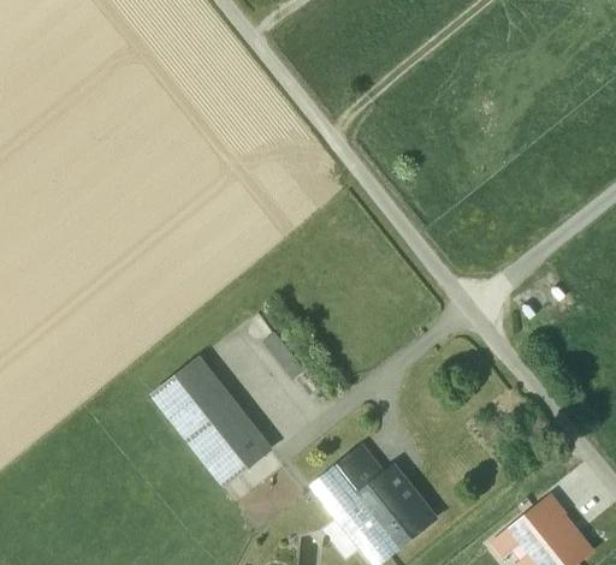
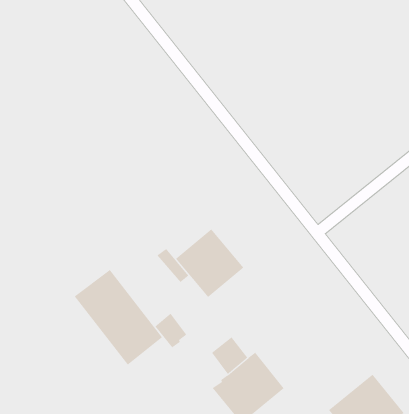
building: none -> [175,228,244,298]
building: [313,468,356,515] -> [154,313,187,348]

